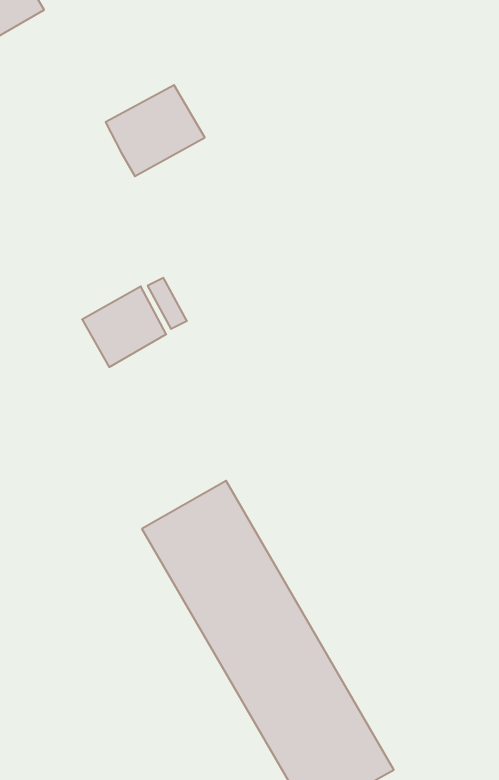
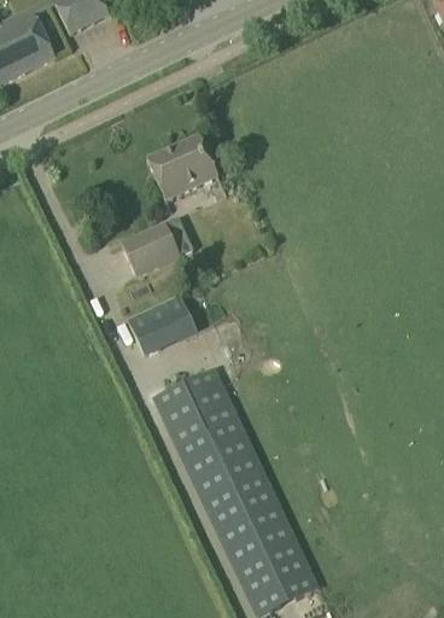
building: [106,85,205,176] -> [147,134,218,198]
building: none -> [130,296,197,354]

